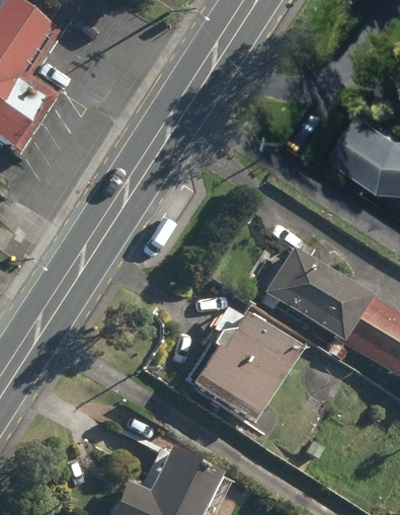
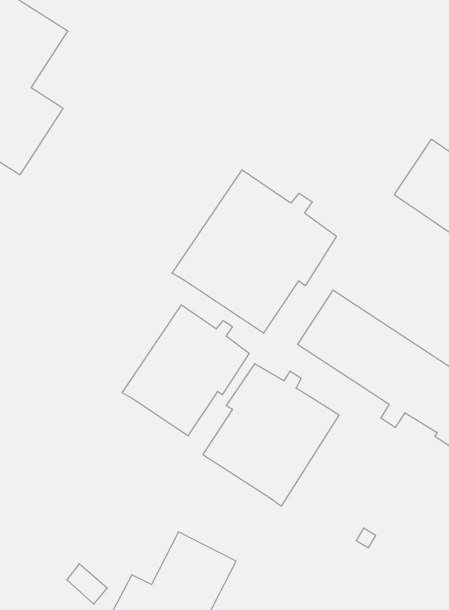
building: none -> [172,170,337,333]
building: none -> [122,305,249,436]

